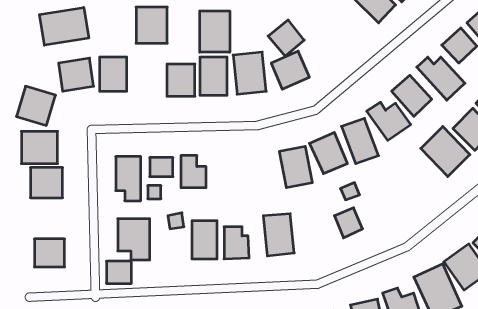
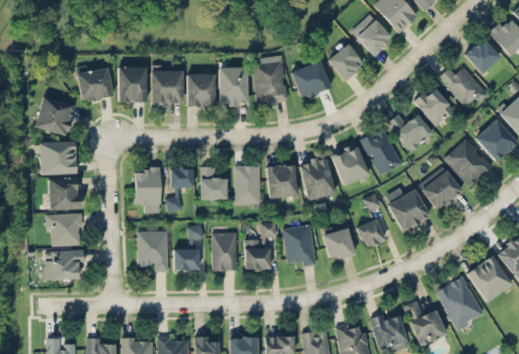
building: [136,7,167,43] -> [150,70,181,107]
building: [39,7,89,45] -> none
building: none -> [357,20,392,56]
building: [200,11,230,52] -> none
building: [268,20,304,56] -> [327,44,364,80]
building: none -> [235,166,260,204]
building: none -> [268,166,295,197]
building: none -> [421,169,462,211]
building: none -> [386,188,429,230]
building: none -> [48,214,82,245]
building: none -> [321,227,355,262]
building: [106,261,131,283] -> [173,249,199,271]

